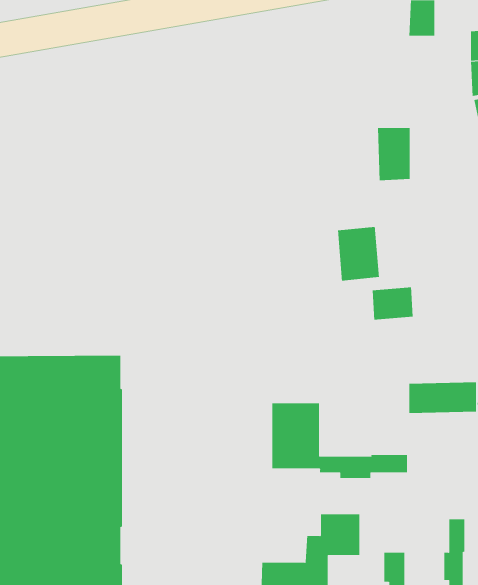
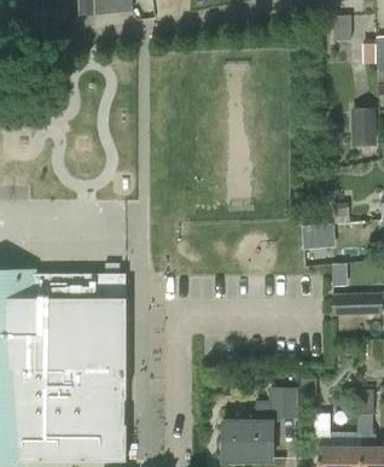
building: [377,127,411,181] -> [350,106,374,145]
building: [337,226,380,281] -> none
building: [272,402,407,479] -> none

